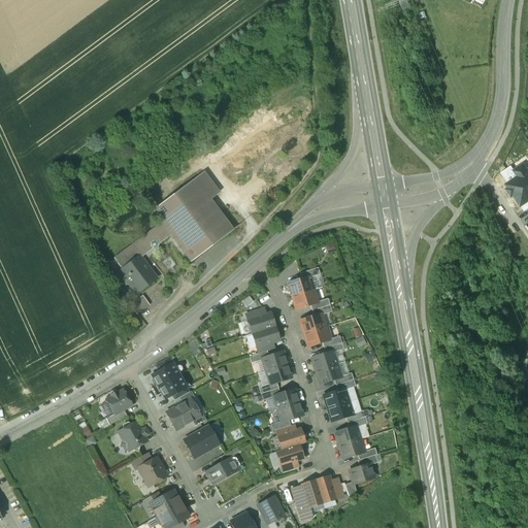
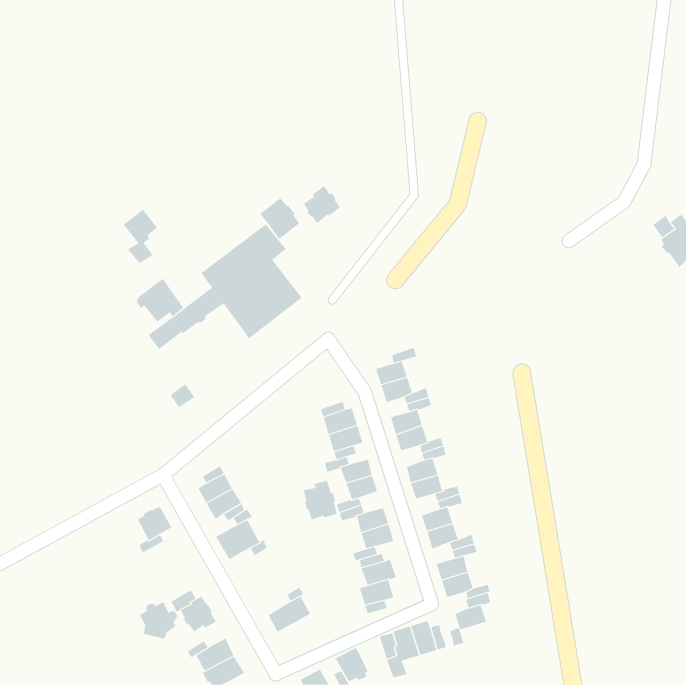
building: none -> [303,185,340,224]
building: none -> [260,197,300,239]
building: none -> [123,209,157,264]
building: [120,255,157,289] -> [136,278,184,322]
building: none -> [303,480,337,520]
building: [119,421,148,450] -> [139,602,178,639]
building: [185,425,220,457] -> none

